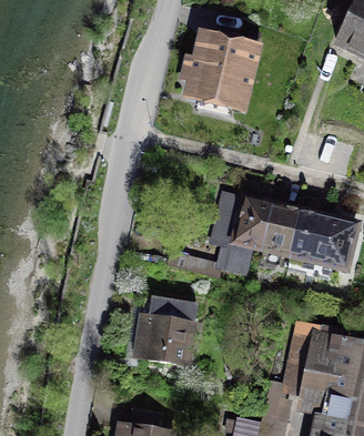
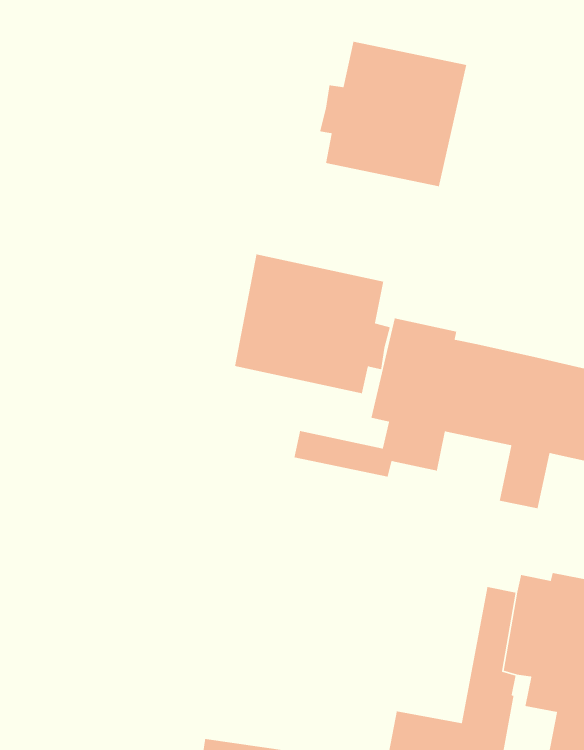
building: none -> [234,254,391,394]
building: [132,295,201,367] -> none

